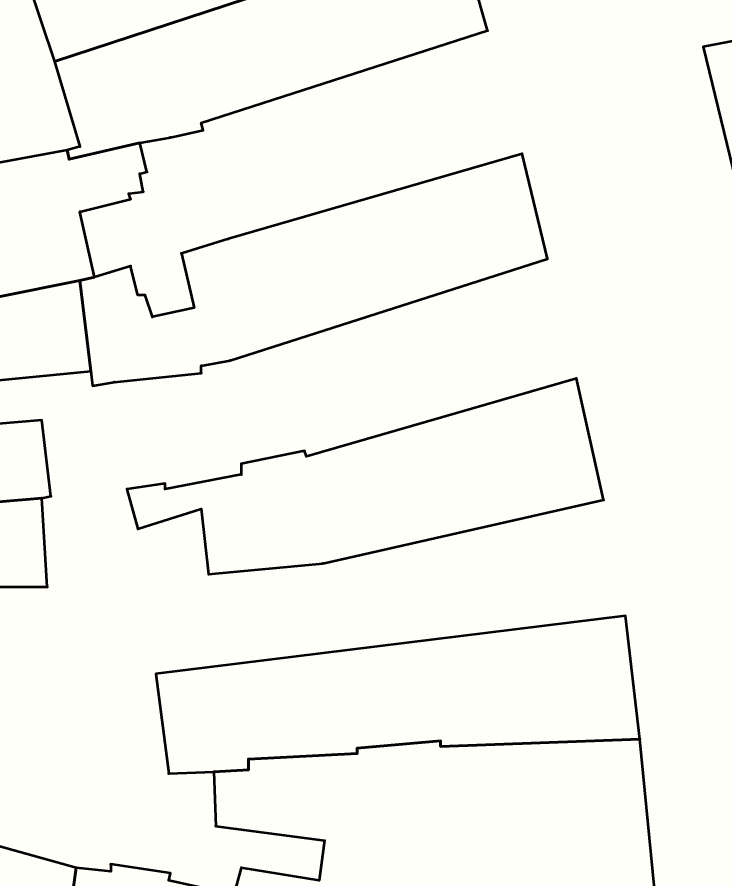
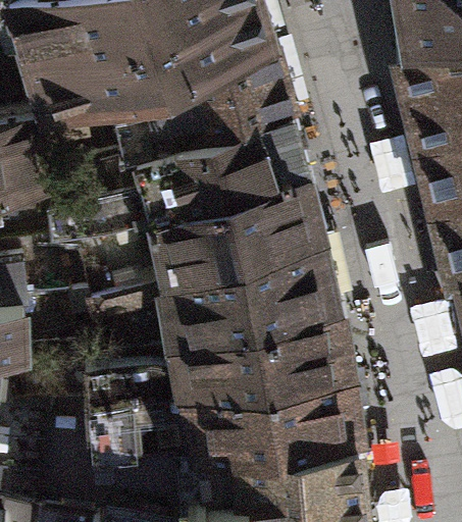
building: none -> [97,38,295,155]
building: none -> [65,166,325,296]
building: none -> [88,302,353,400]

